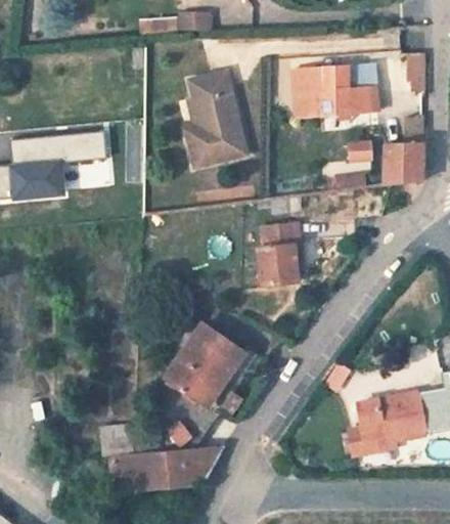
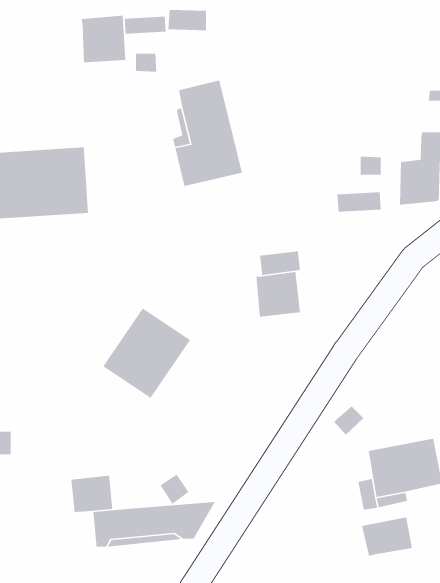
building: none -> [81,15,126,63]
building: [292,64,366,117] -> none
building: [165,324,243,405] -> [102,308,191,399]
building: none -> [361,517,413,557]

